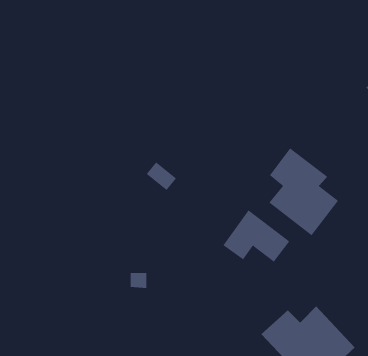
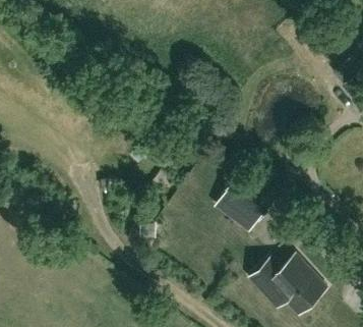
building: [268,148,339,236] -> none

